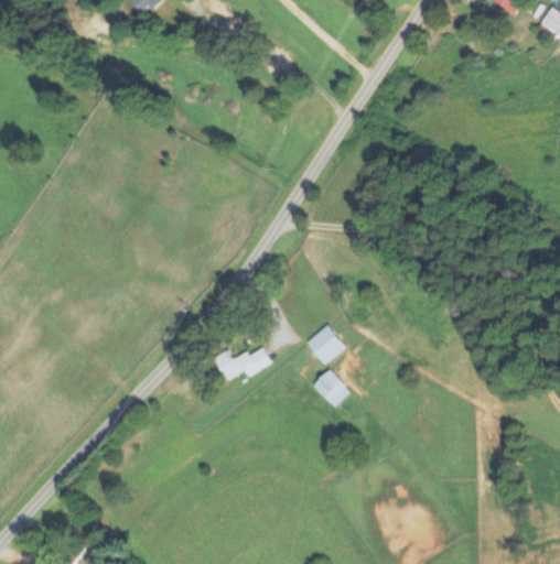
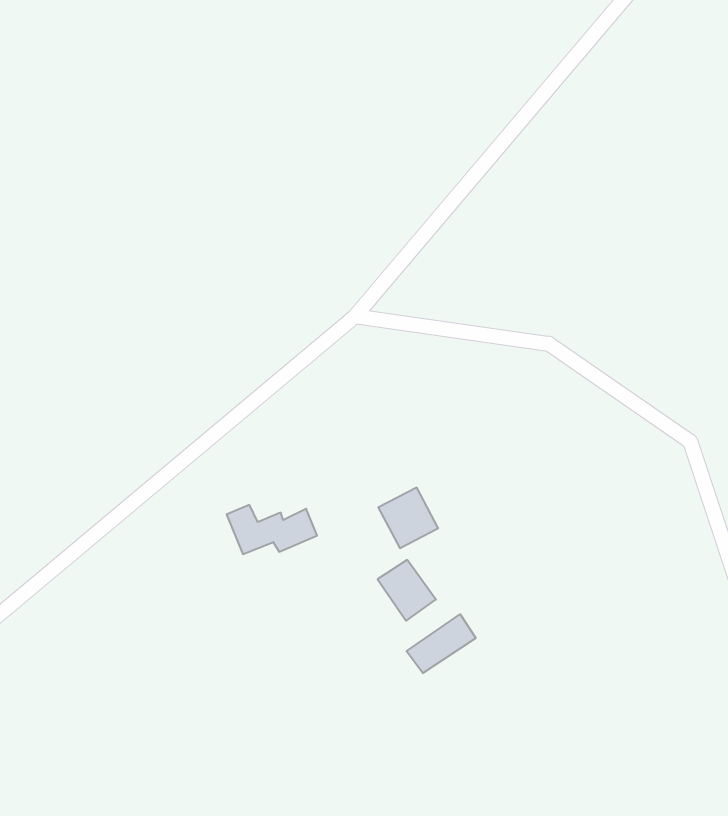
building: none -> [407,614,476,673]

